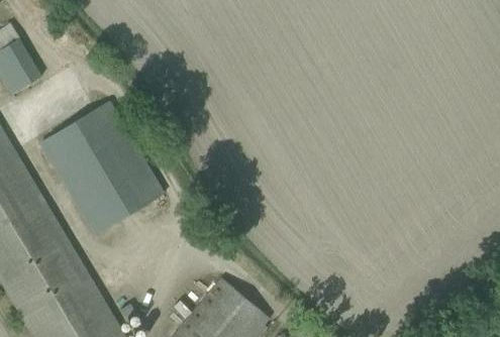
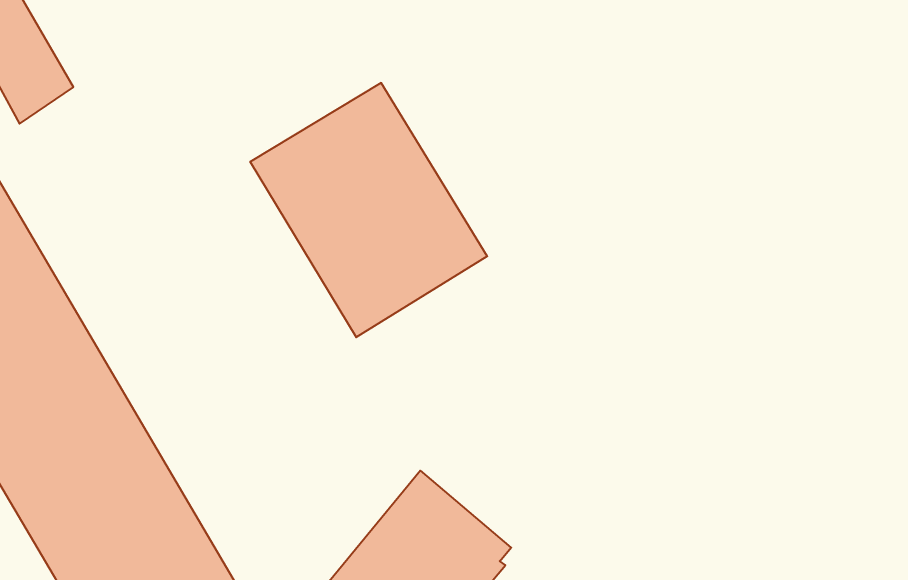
building: [39,101,164,234] -> [250,83,487,337]

